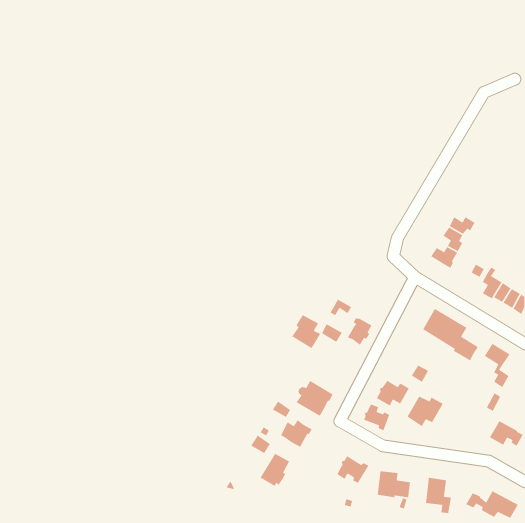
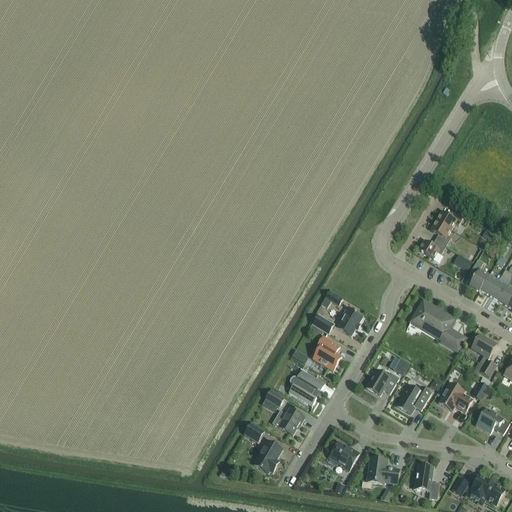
building: [291,314,321,349] -> [312,336,341,370]
building: none -> [437,382,472,412]
building: [363,403,390,431] -> none

